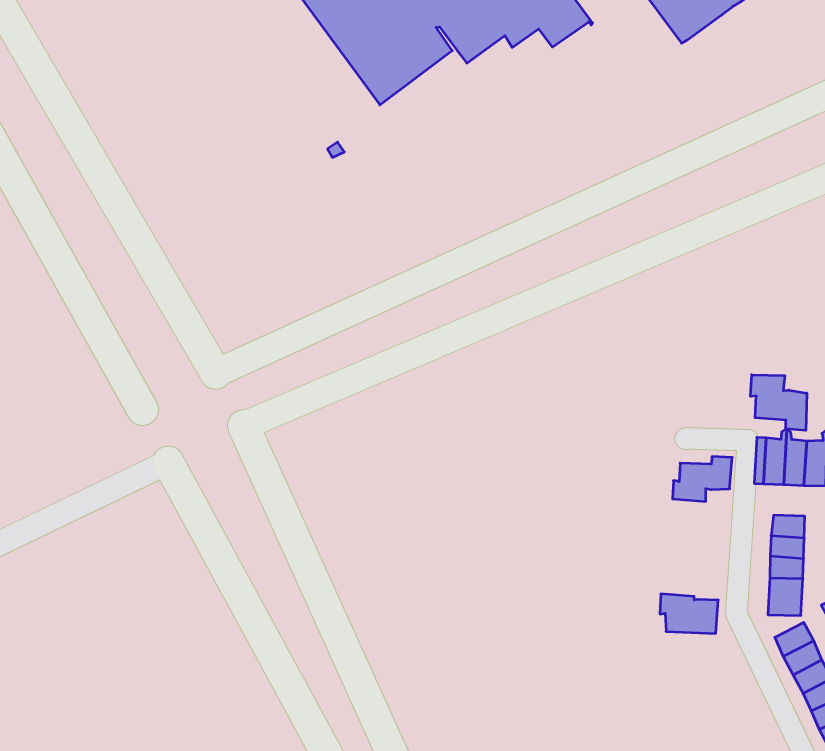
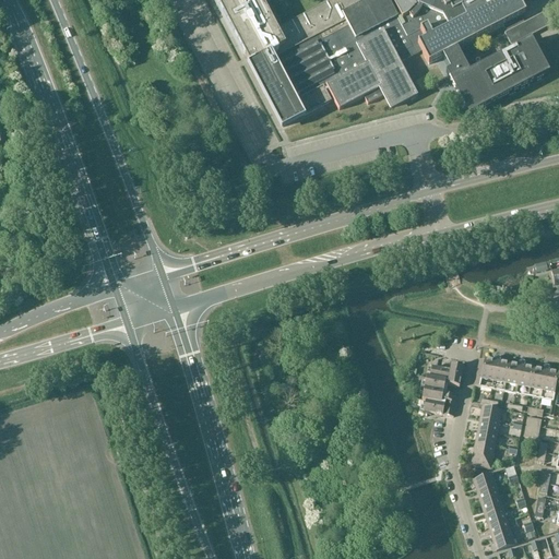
building: [751,375,807,430] -> none
building: [660,594,718,633] -> [421,384,457,413]

